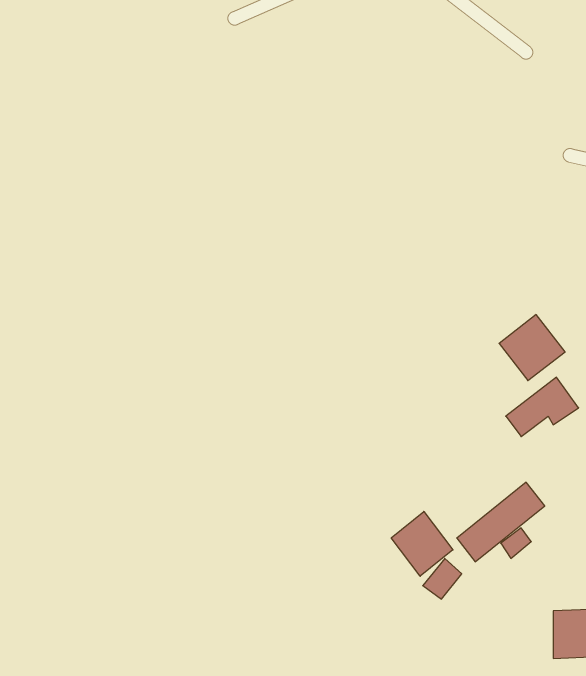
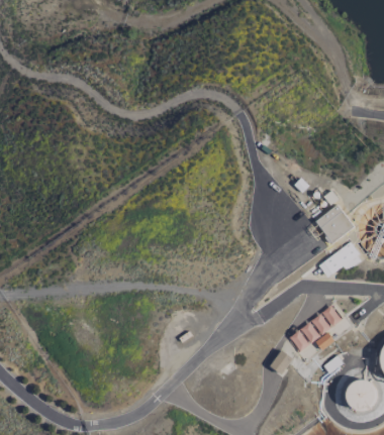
building: [391,511,453,576] -> none

